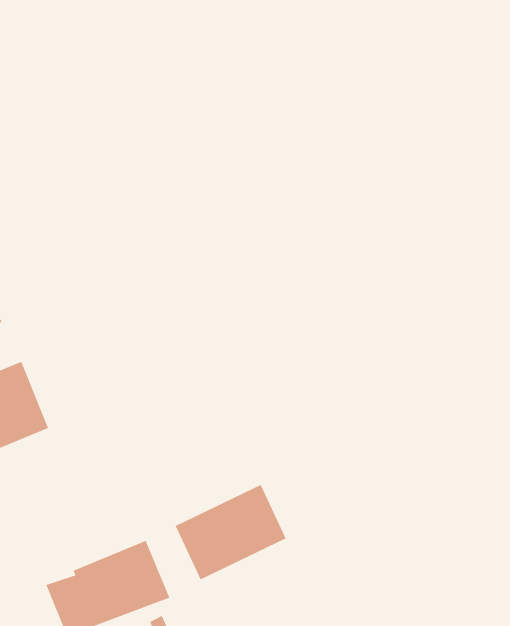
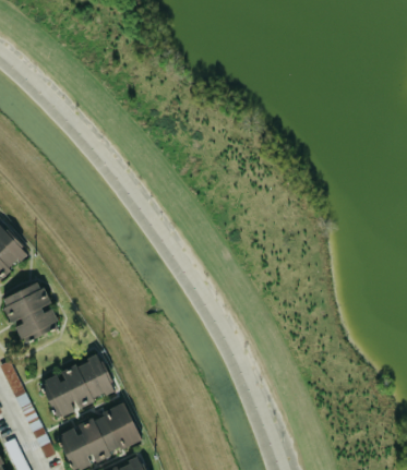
building: [175,484,287,580] -> [39,353,116,419]

